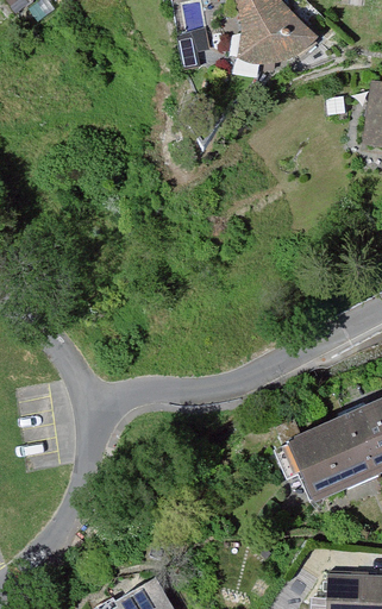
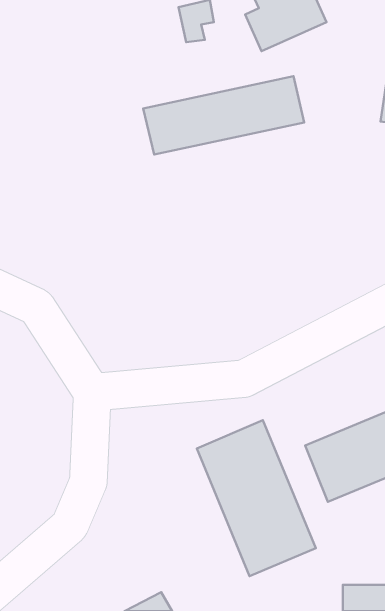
building: none -> [143,76,304,155]
building: none -> [197,420,316,576]

